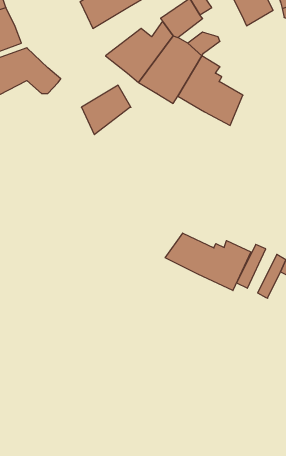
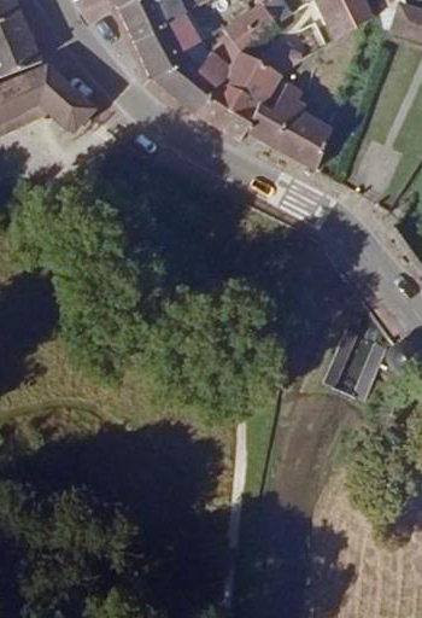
building: [81,85,131,135] -> [134,11,199,76]
building: [165,233,251,291] -> none

